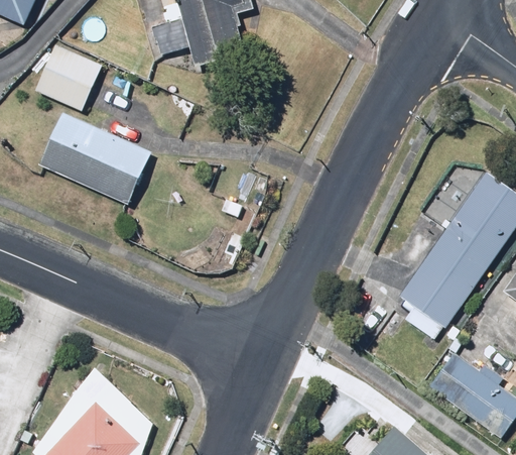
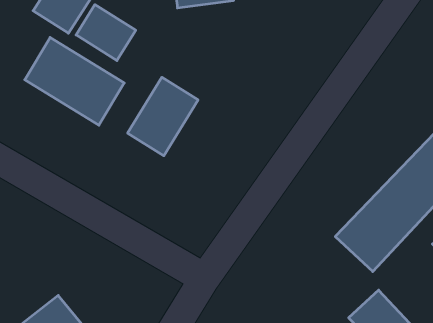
building: none -> [76,5,136,61]
building: none -> [128,77,198,156]

